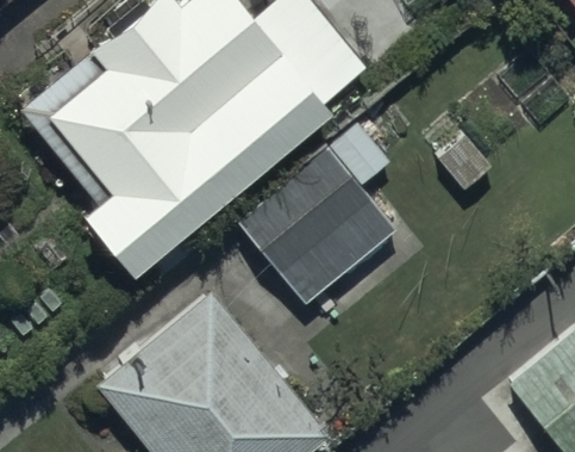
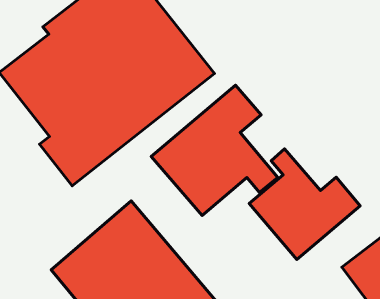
building: none -> [249,149,360,260]

